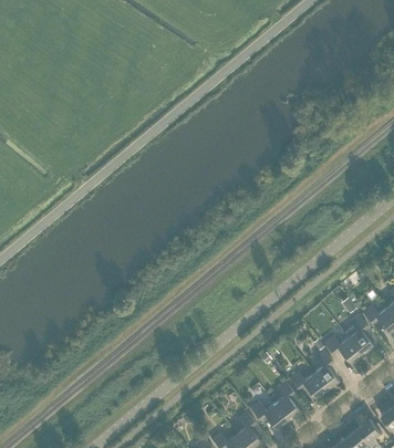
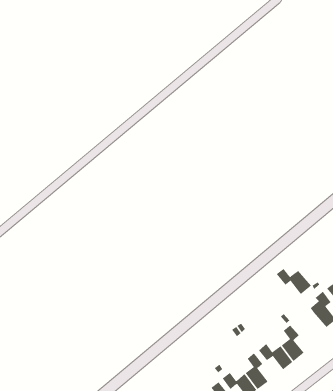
building: [323,336,362,365] -> [276,268,312,295]

